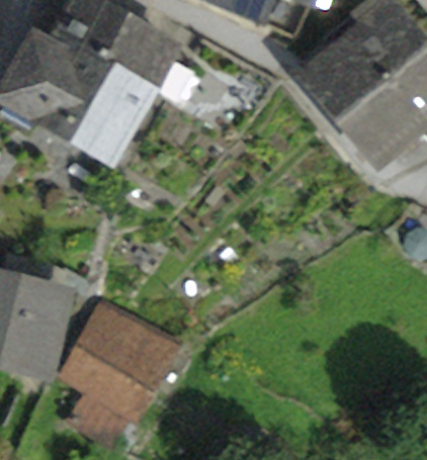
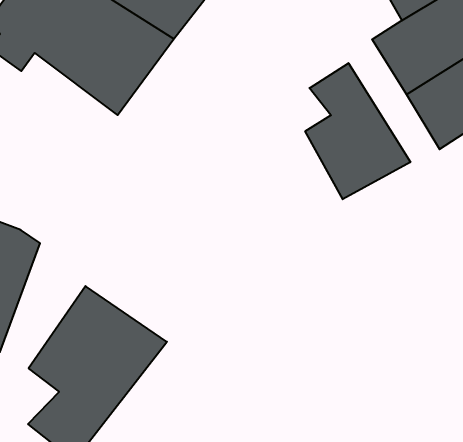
building: none -> [305,63,410,199]

